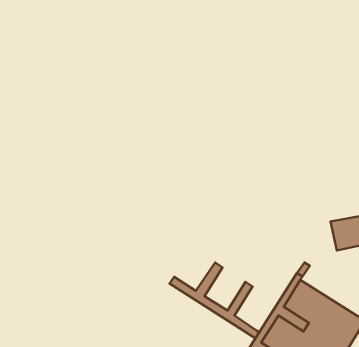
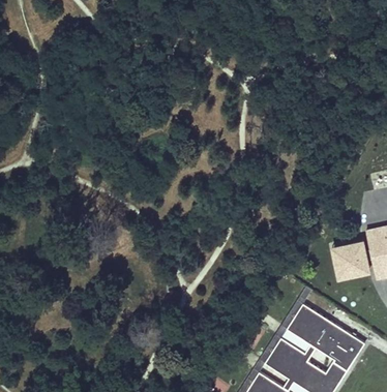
building: [169,263,259,338] -> none

